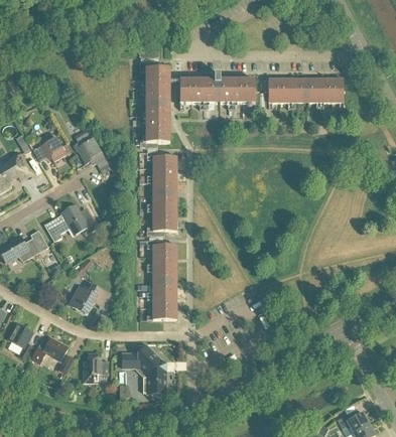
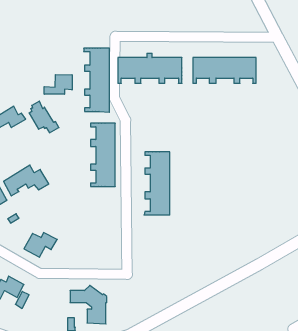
building: none -> [44,75,72,94]
building: [146,245,176,319] -> [144,152,170,215]
building: [83,352,109,383] -> none

